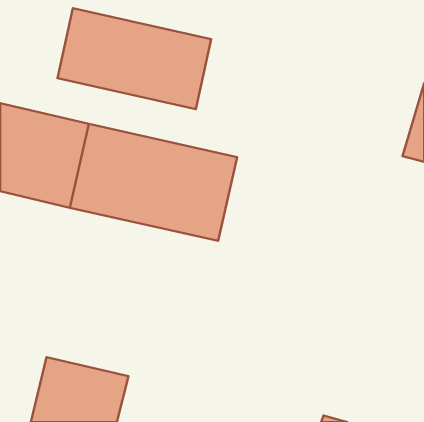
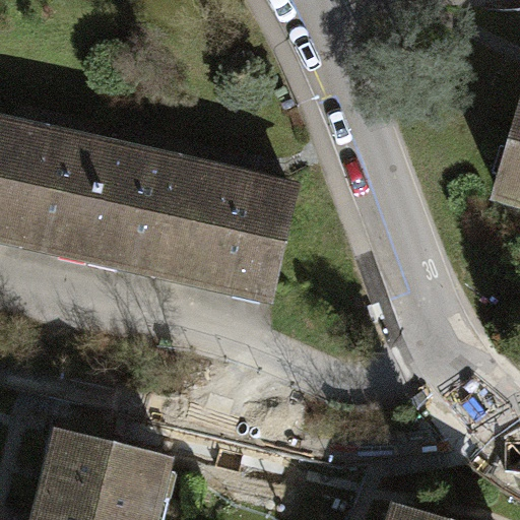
building: [57,8,211,109] -> none

